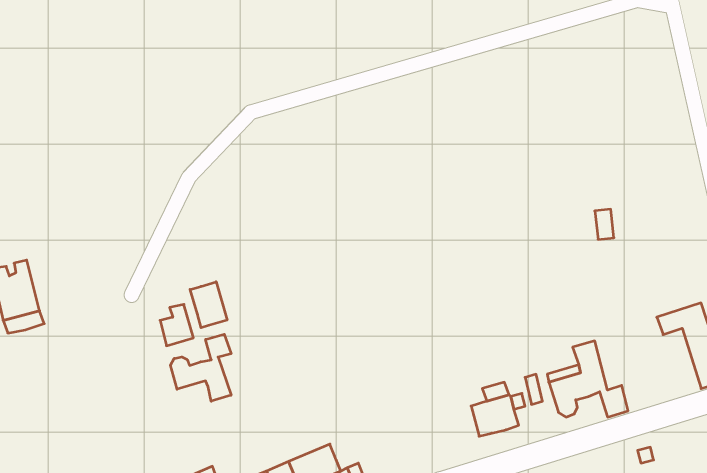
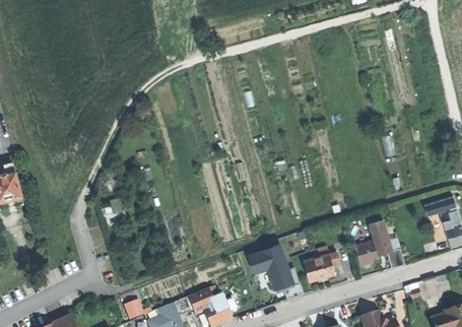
building: [190,282,227,328] -> none
building: [170,334,231,401] -> none
building: none -> [248,244,302,297]

